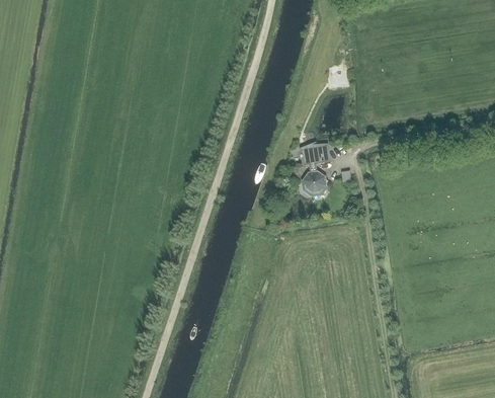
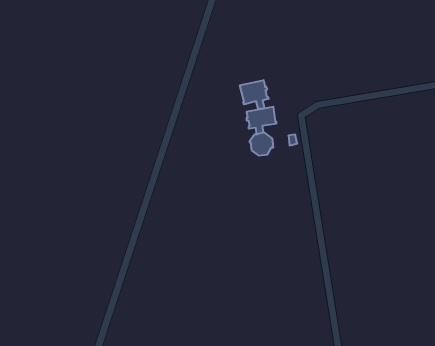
building: none -> [240,80,269,109]

